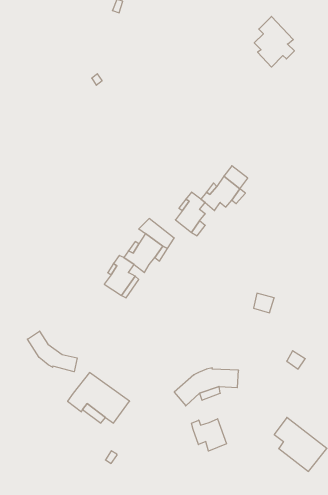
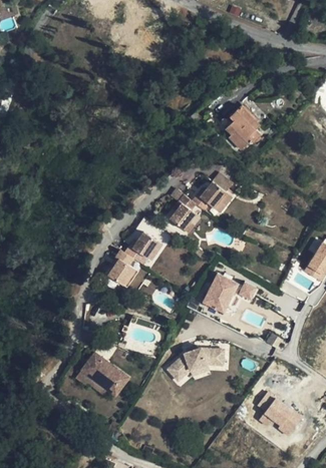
building: [254,16,294,67] -> [227,105,262,149]
building: none -> [202,272,240,314]
building: [27,331,77,372] -> none
building: [191,419,226,451] -> none

